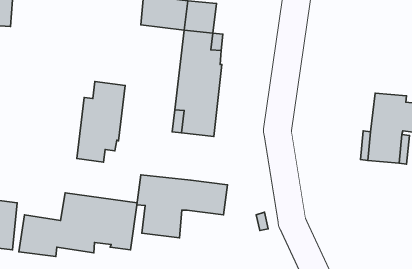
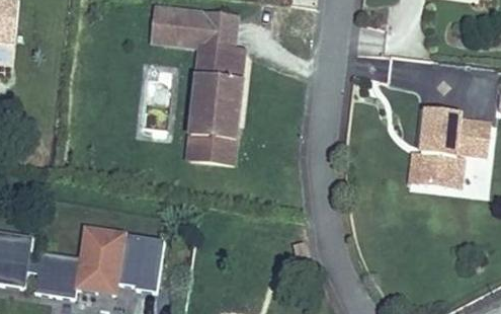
building: [77,82,125,162] -> none
building: [137,175,228,238] -> none

